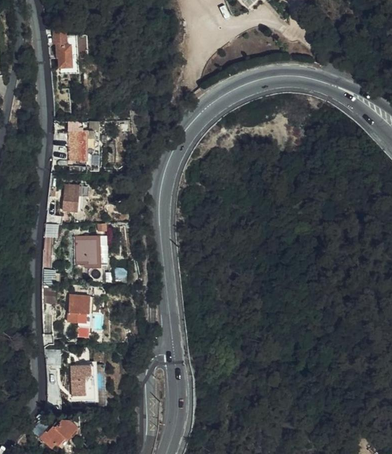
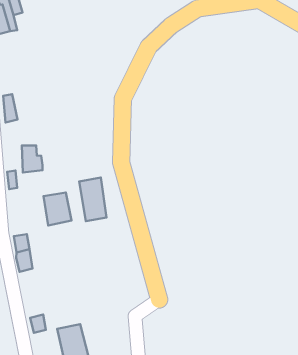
building: [68,134,90,159] -> none
building: none -> [79,177,106,221]
building: [69,296,89,323] -> none

